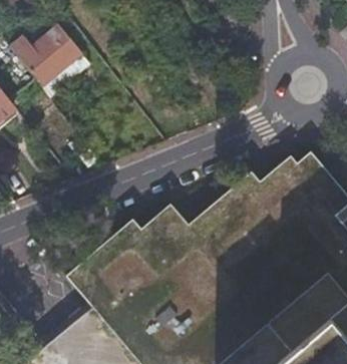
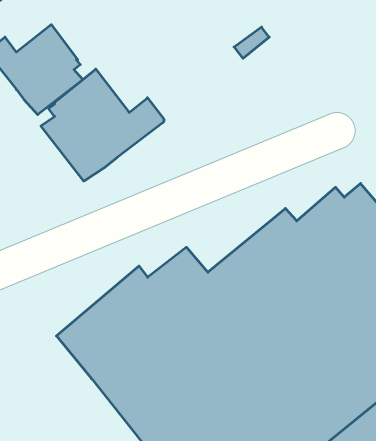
building: none -> [41,69,164,181]

